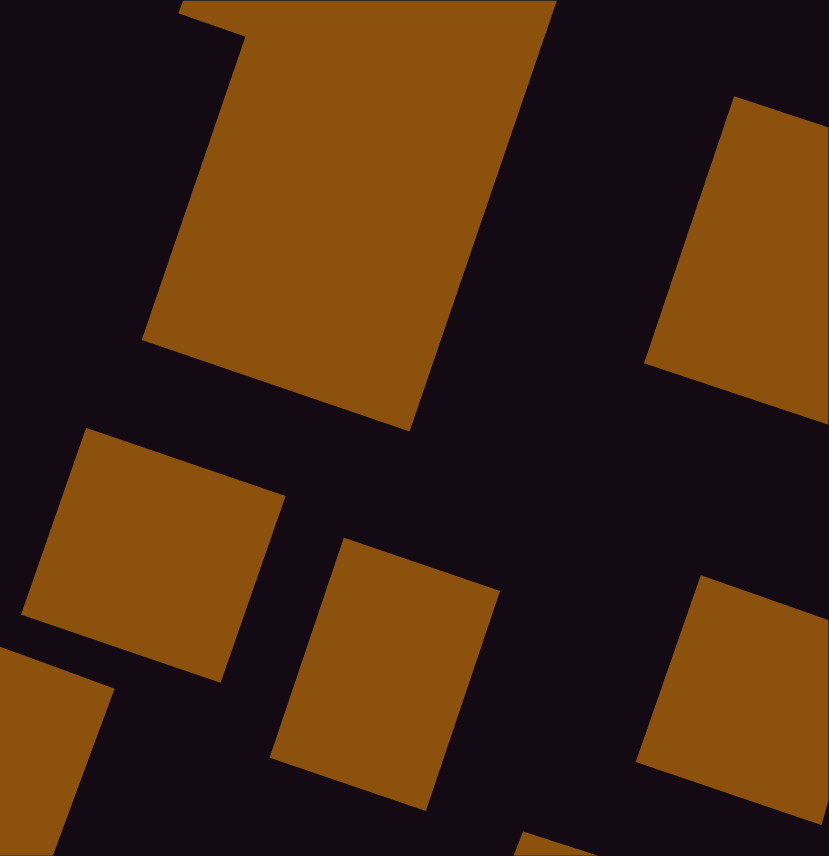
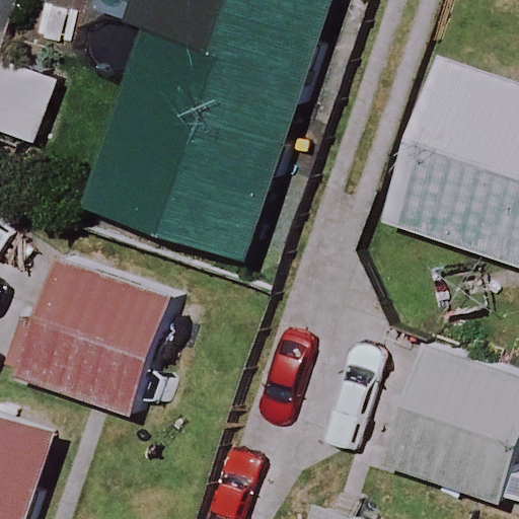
building: [269,537,501,812] -> none

